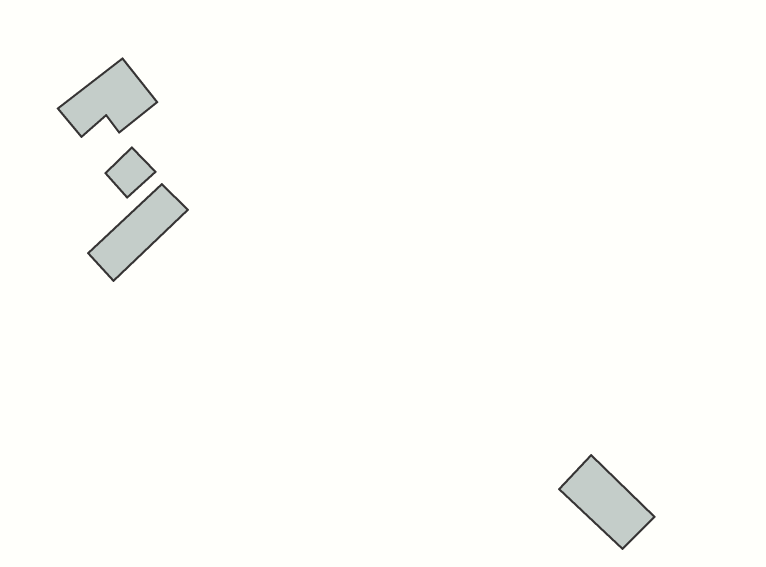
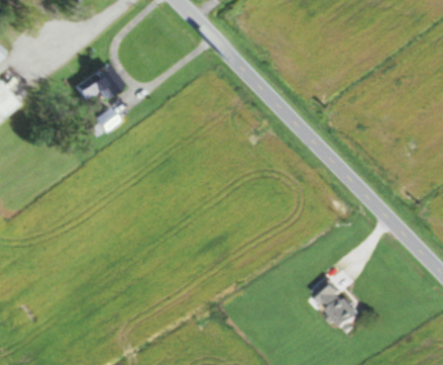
building: [88,184,188,281] -> none

